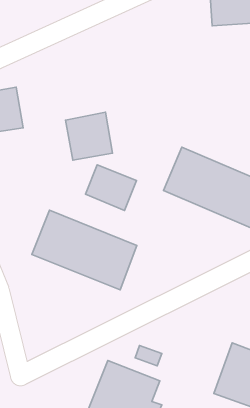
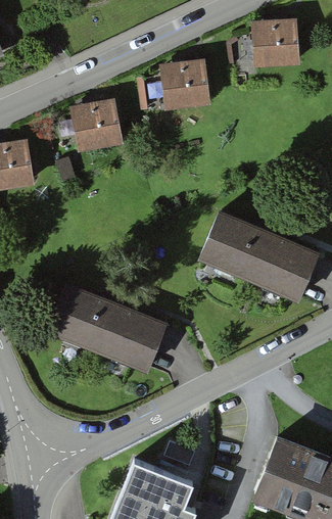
building: none -> [159,60,210,113]
building: [66,112,112,160] -> [69,100,124,155]
building: [86,165,136,211] -> none

